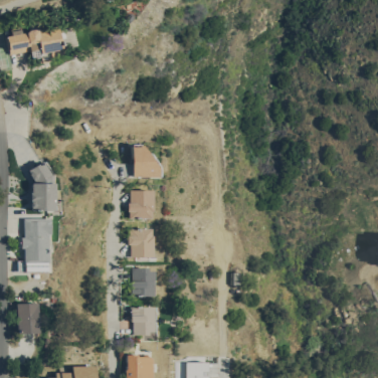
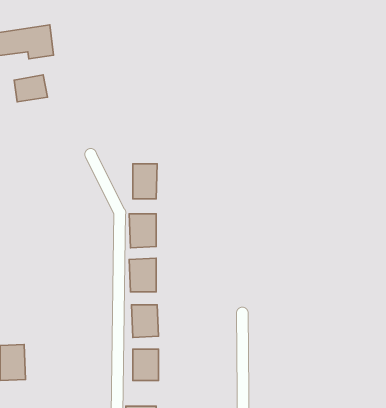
building: none -> [14,75,48,102]
building: [33,165,54,211] -> none
building: [25,218,50,271] -> none

